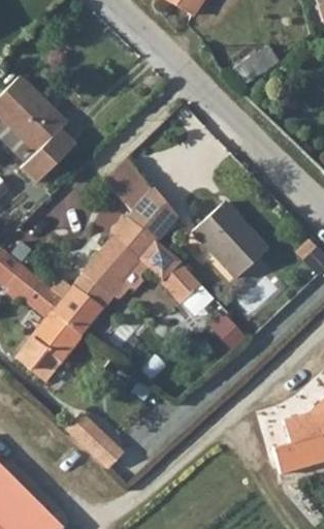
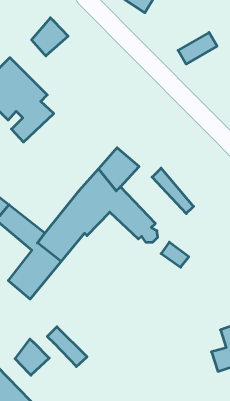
building: none -> [32,18,68,56]
building: [101,161,152,216] -> none
building: [210,197,273,263] -> none
building: none -> [15,339,49,375]

